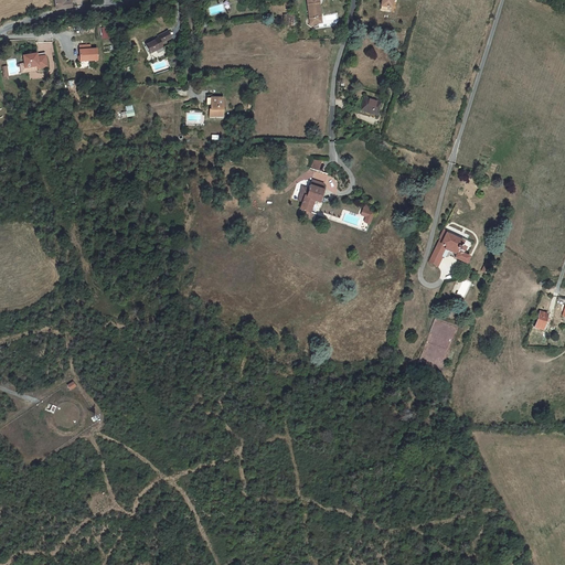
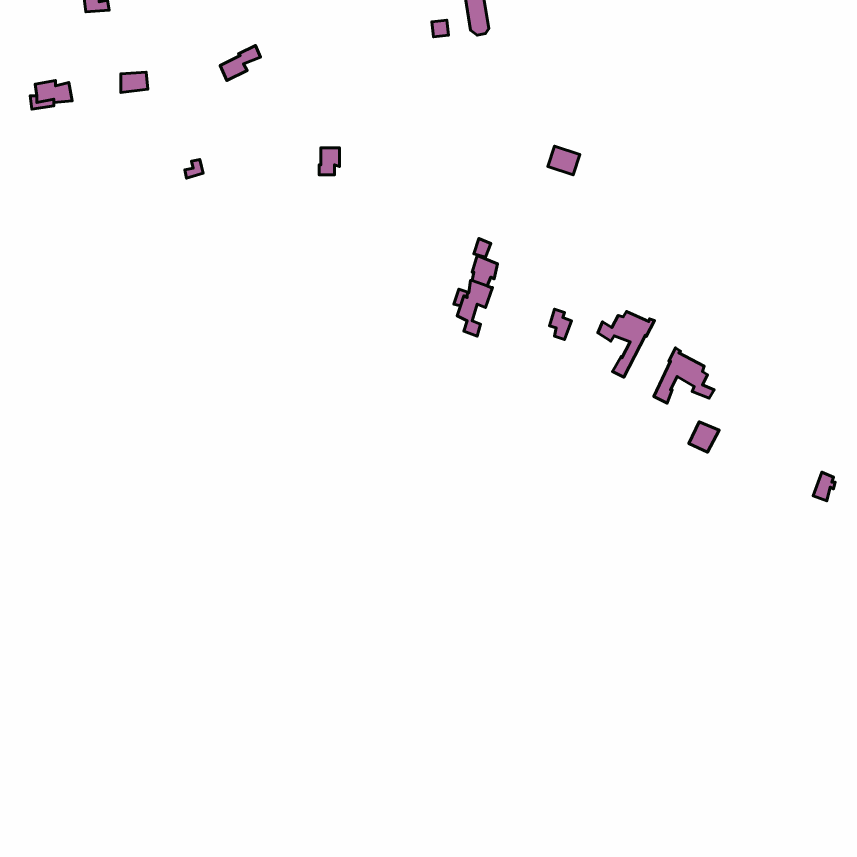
building: none -> [598,311,654,377]

